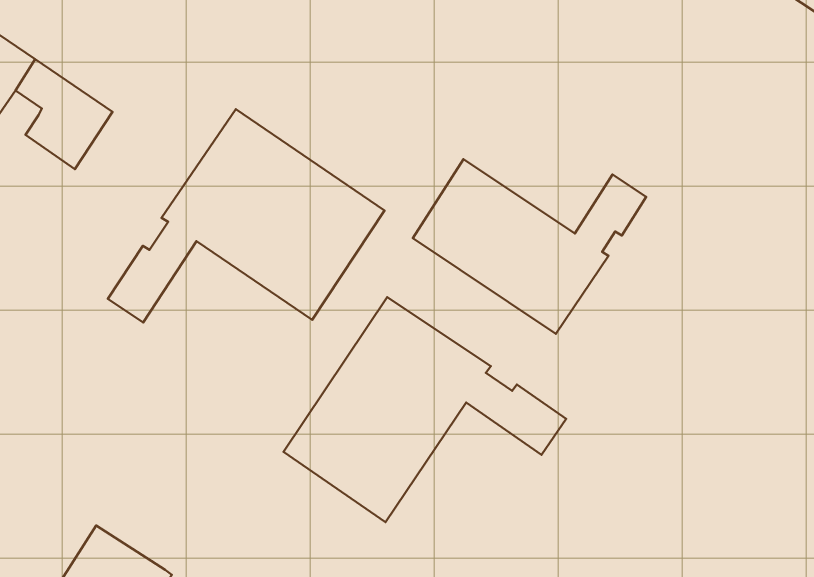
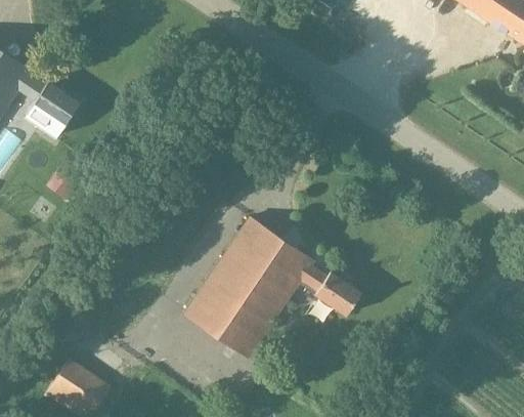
building: [108,109,384,323] -> none
building: [413,159,646,334] -> none

